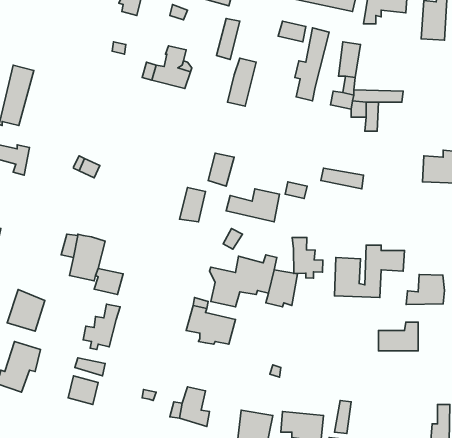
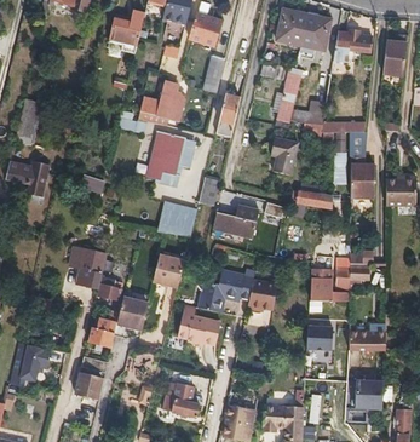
building: none -> [143,130,180,178]
building: none -> [269,138,297,176]
building: none -> [352,155,374,197]
building: [292,237,323,278] -> none
building: none -> [150,254,182,286]
building: [406,274,445,304] -> none
building: [7,290,45,331] -> none
building: none -> [115,297,144,327]
building: none -> [304,323,333,351]
building: none -> [353,380,380,407]

